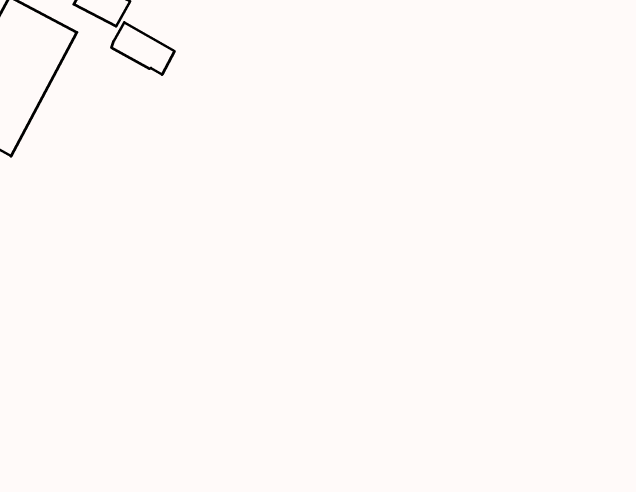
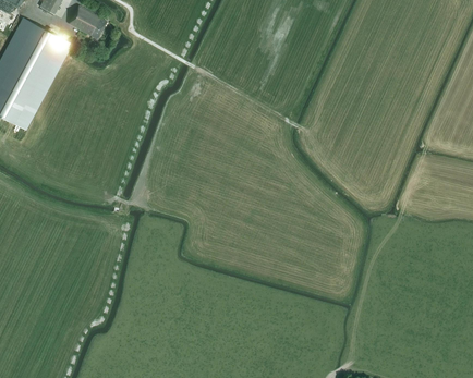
building: [112,22,174,75] -> none

